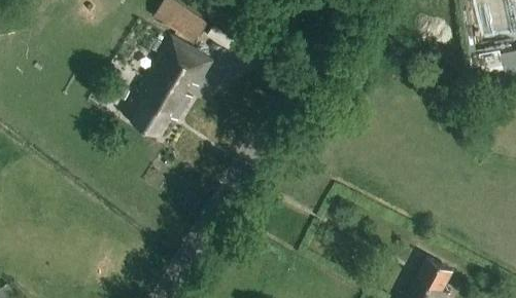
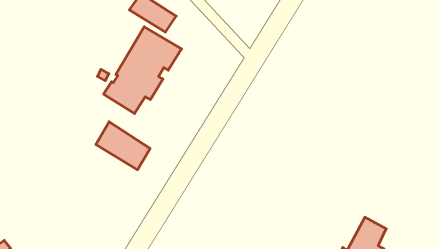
building: none -> [96,122,150,170]

